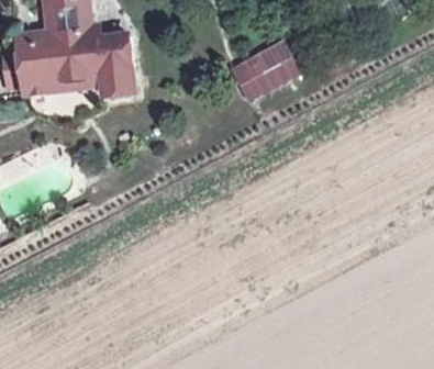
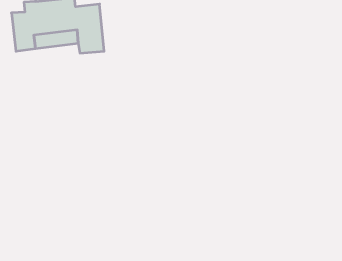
building: [226,37,301,102] -> none

